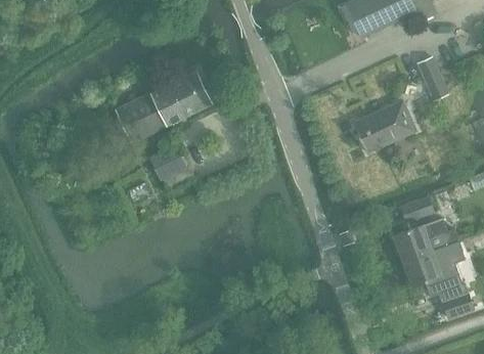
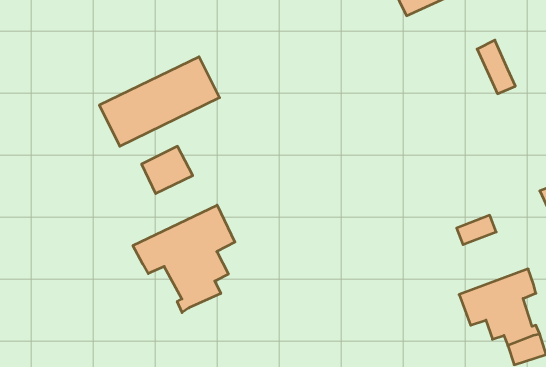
building: [353,100,416,152] -> none
building: none -> [133,205,235,313]
building: [394,218,458,261] -> none

